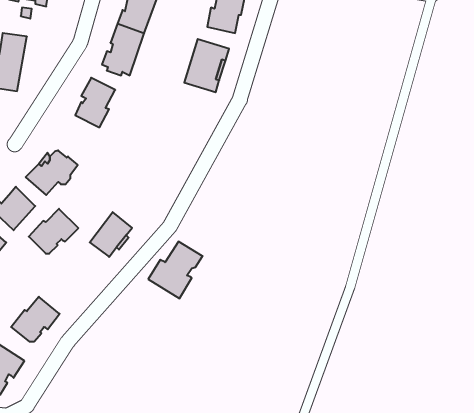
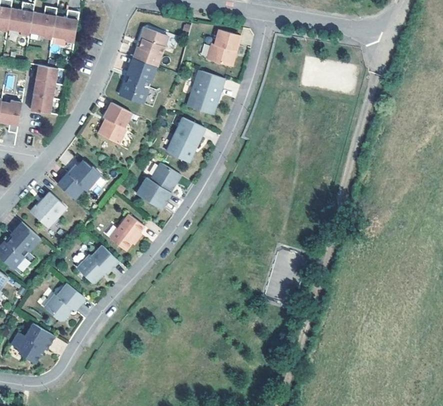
building: none -> [166,117,205,161]
building: [29,209,78,254] -> [77,245,118,282]
building: [148,242,203,298] -> [138,164,183,211]

